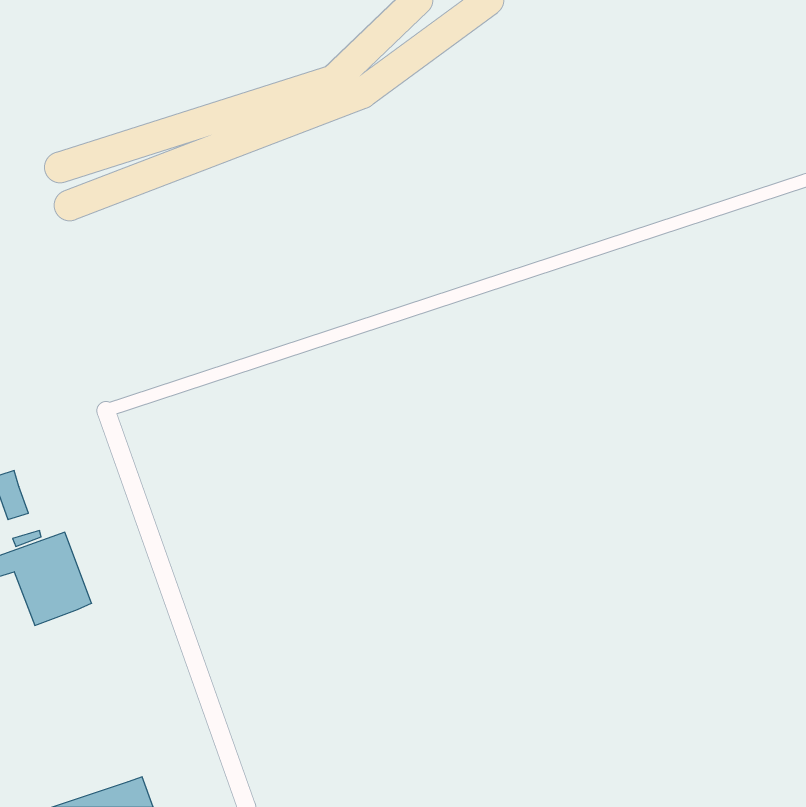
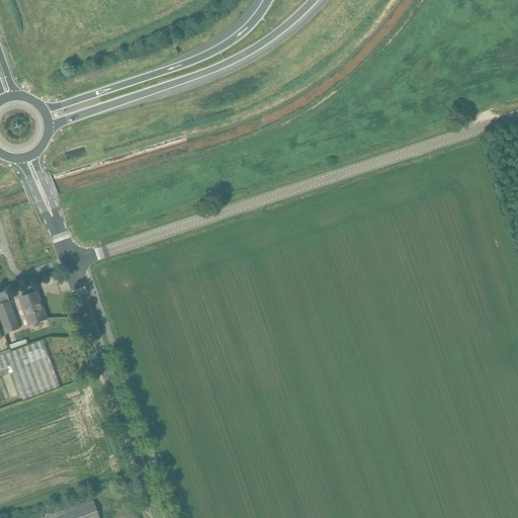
building: none -> [18,292,45,325]

